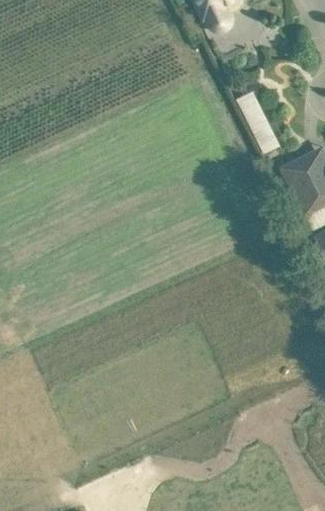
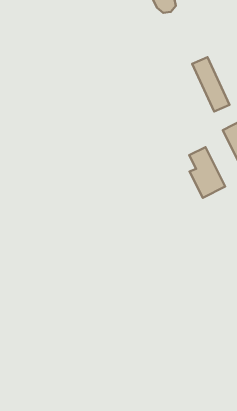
building: none -> [189,147,225,198]

